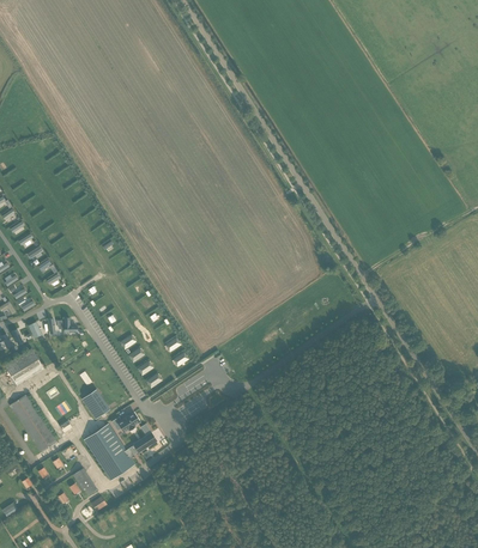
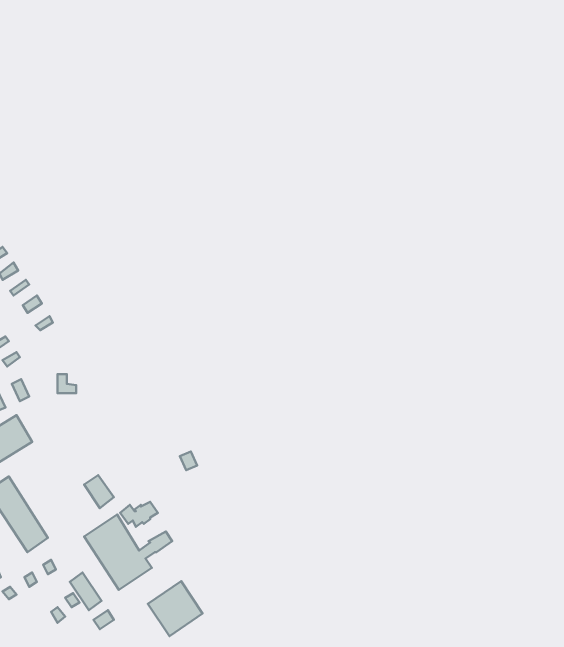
building: none -> [148,581,203,636]

